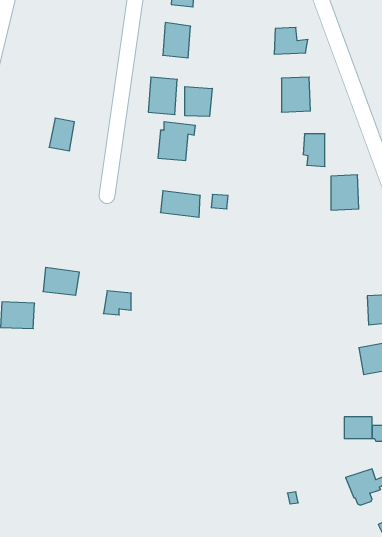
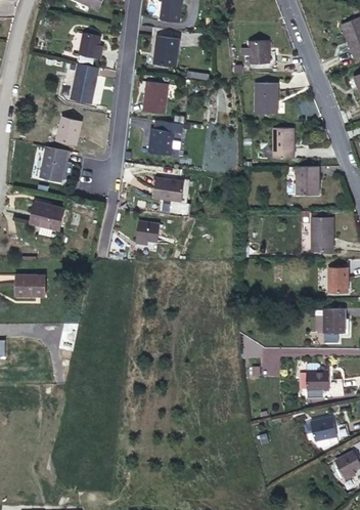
building: none -> [79,33,101,58]
building: none -> [69,65,96,105]
building: [185,87,212,116] -> none
building: none -> [39,147,66,182]
building: none -> [309,215,333,248]
building: [43,267,79,295] -> [30,205,60,228]
building: [103,291,131,315] -> [135,223,159,244]

